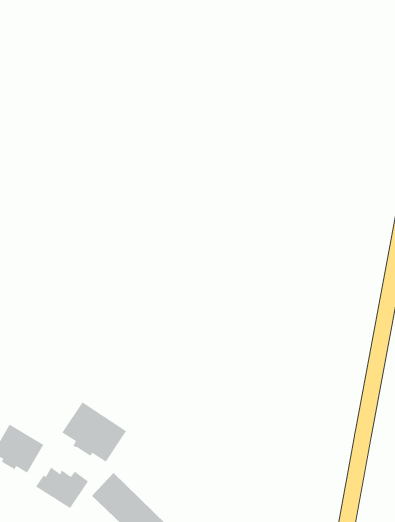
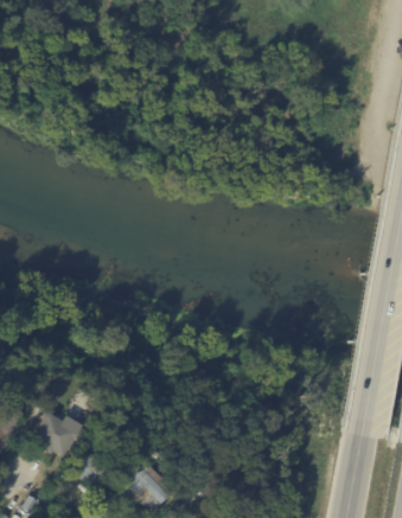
building: [62,401,127,462] -> none

